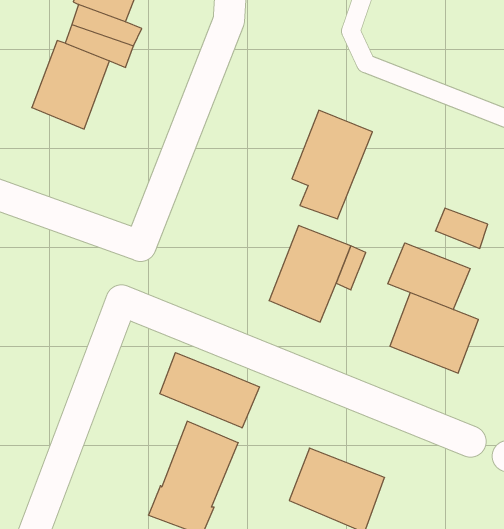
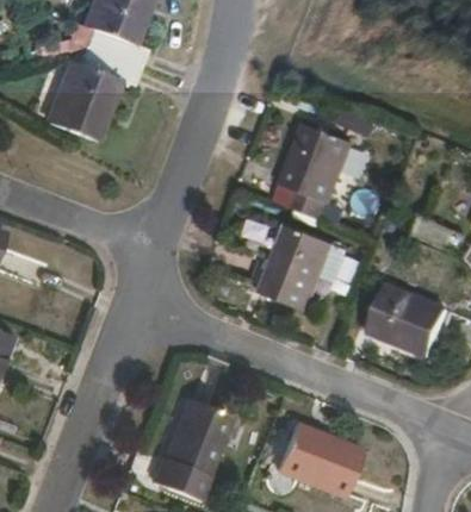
building: [388,243,470,310] -> none
building: [160,353,260,428] -> none

